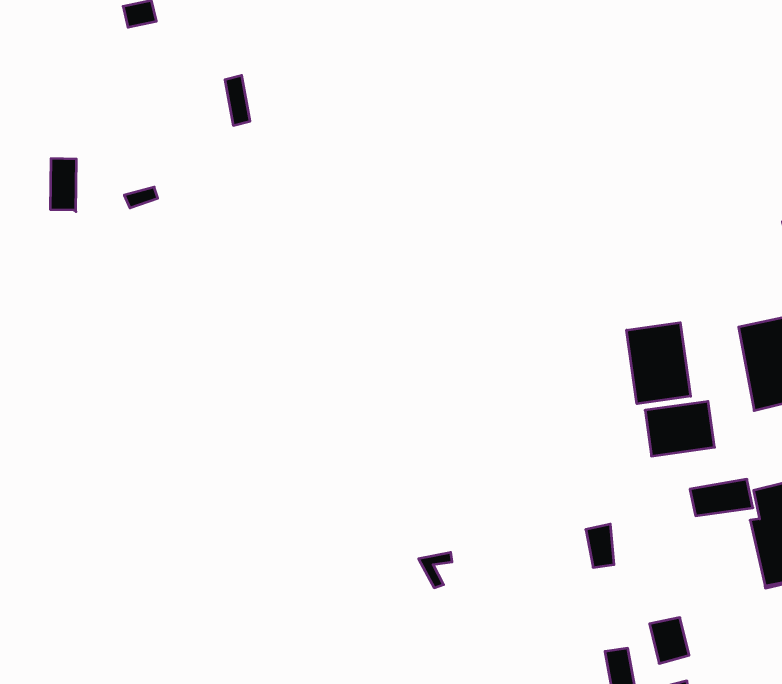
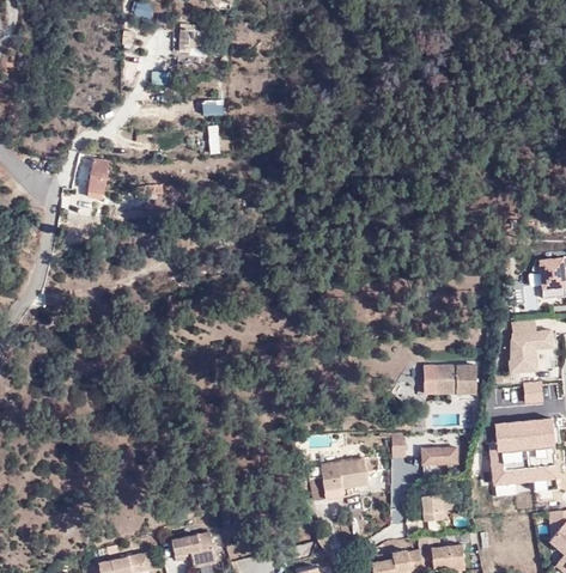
building: [627,323,691,404] -> none
building: [690,479,753,516] -> [421,447,458,465]
building: none -> [310,458,369,498]

